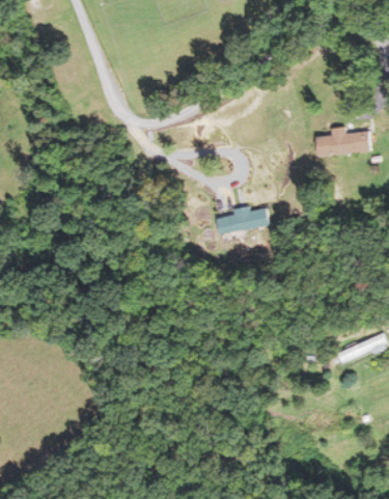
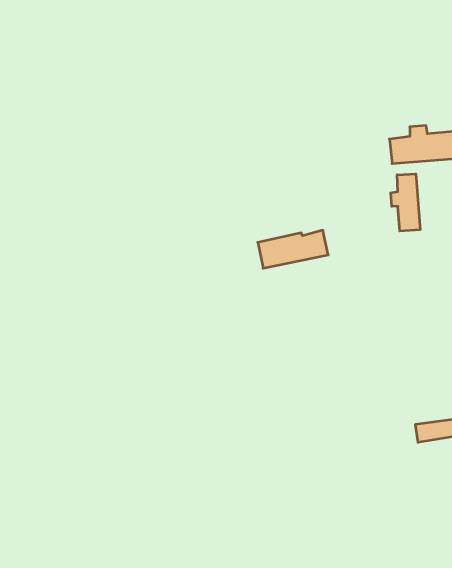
building: none -> [391,174,420,231]

